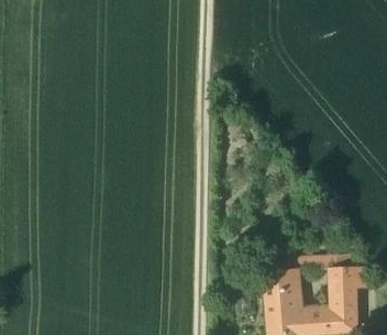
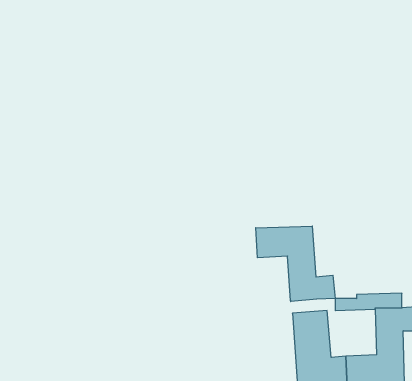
building: none -> [256,226,335,302]

